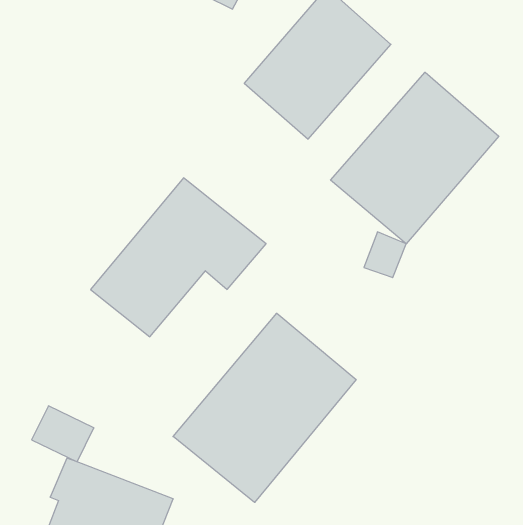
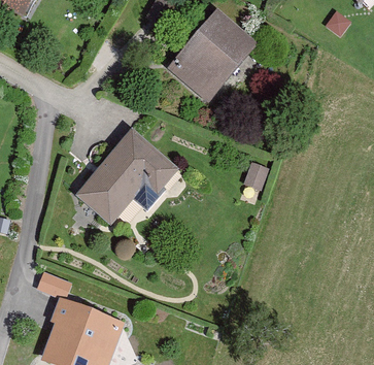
building: [331,72,499,244] -> none
building: [173,313,356,502] -> none

